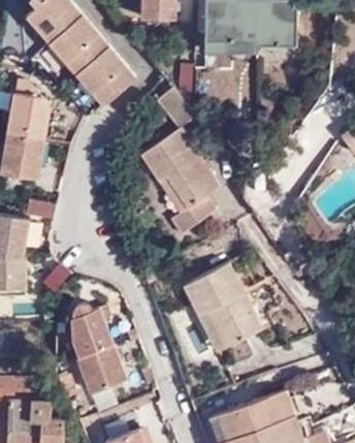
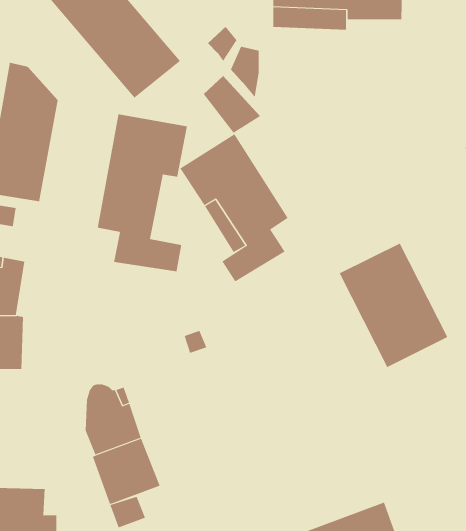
building: none -> [97,114,188,272]
building: [182,263,259,352] -> [339,243,448,368]

